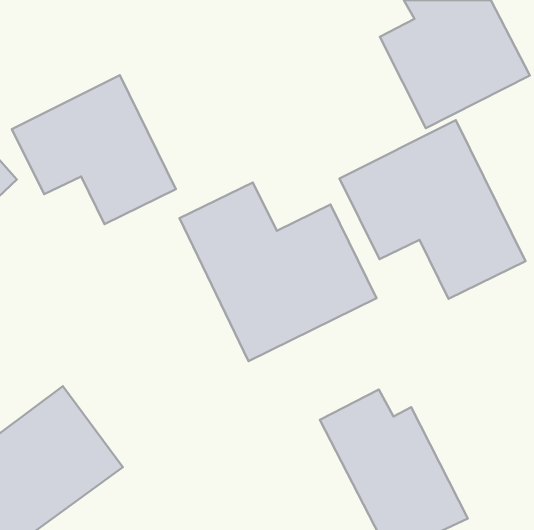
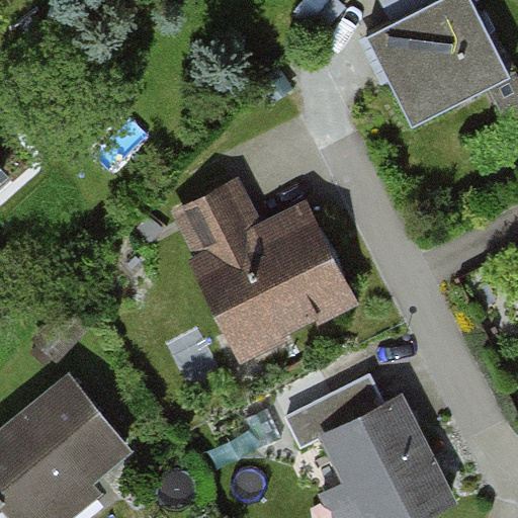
building: [12,75,176,224] -> none
building: [340,120,525,299] -> none

